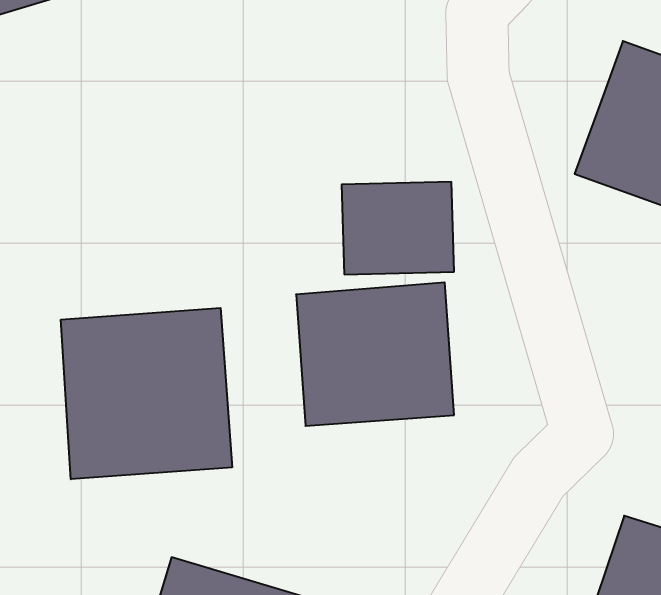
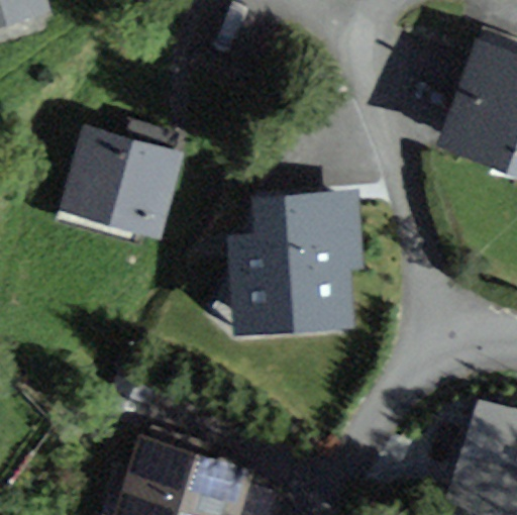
building: none -> [62,126,186,238]
building: [61,308,232,479] -> none

